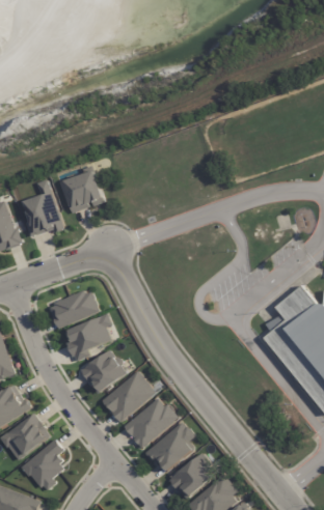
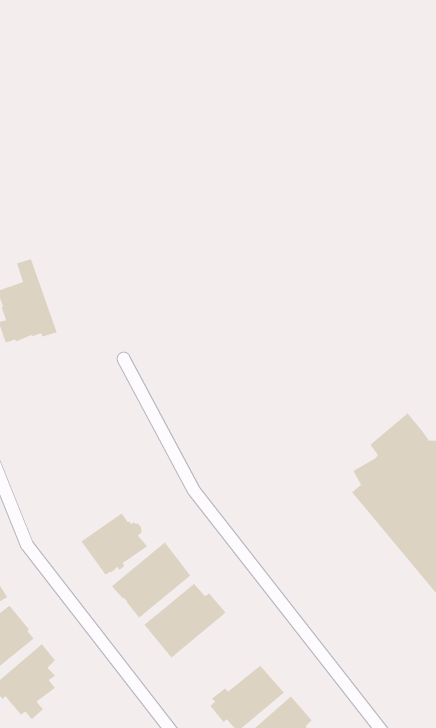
building: [59,171,105,215] -> none
building: [50,290,100,330] -> none
building: [63,314,112,363] -> none
building: [143,422,195,474] -> none

